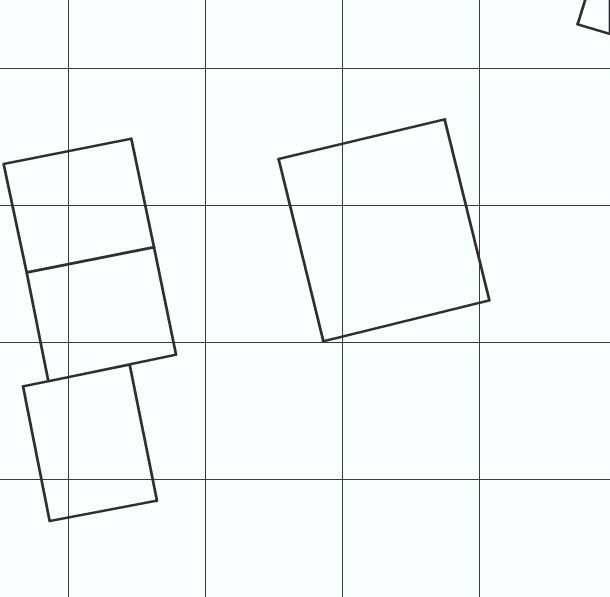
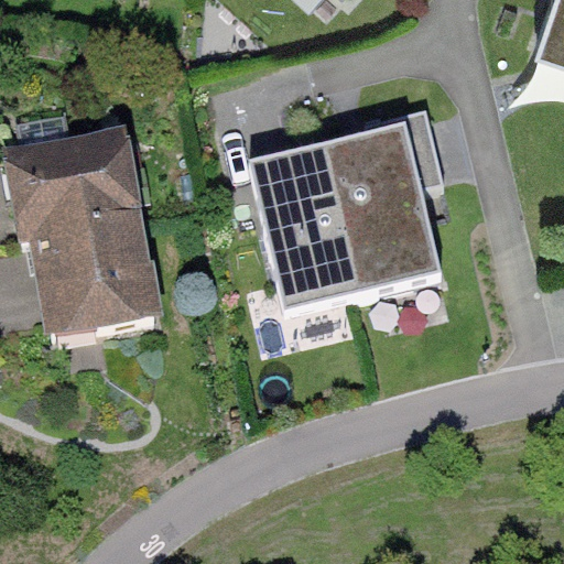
building: [23,365,157,521] -> none

